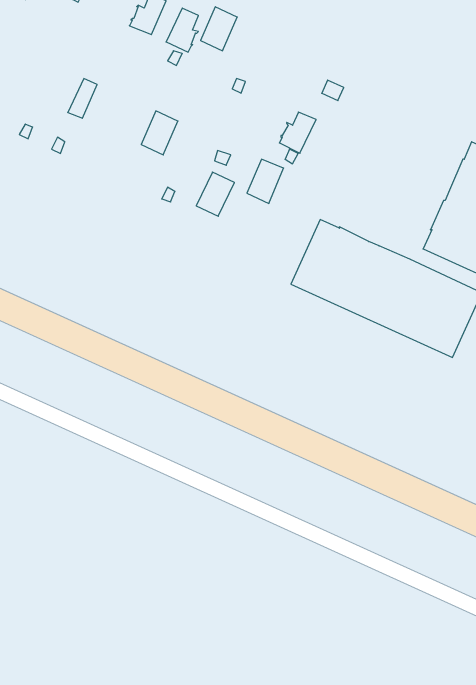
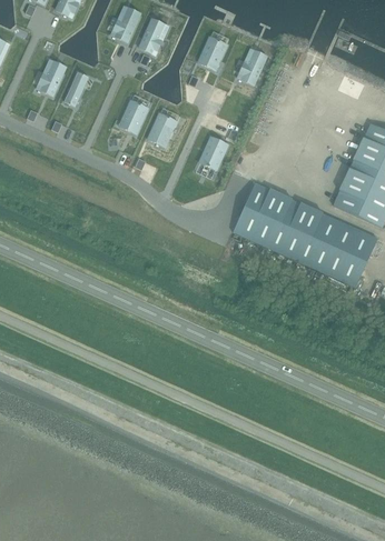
building: [201,7,237,51] -> [198,37,226,70]
building: none -> [36,64,63,96]
building: [279,112,316,153] -> [237,54,265,86]
building: [196,172,234,216] -> [147,113,176,147]

